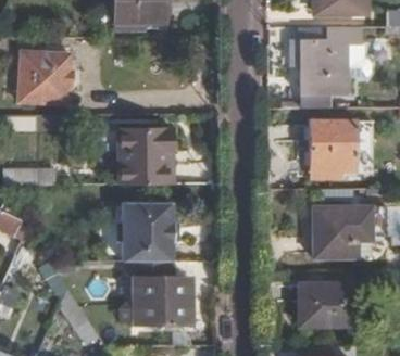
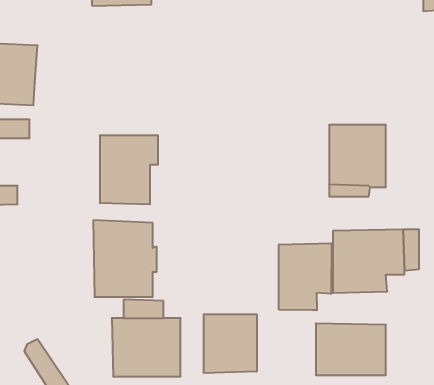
building: [290,26,363,106] -> none
building: none -> [279,243,331,310]
building: none -> [204,314,257,373]

